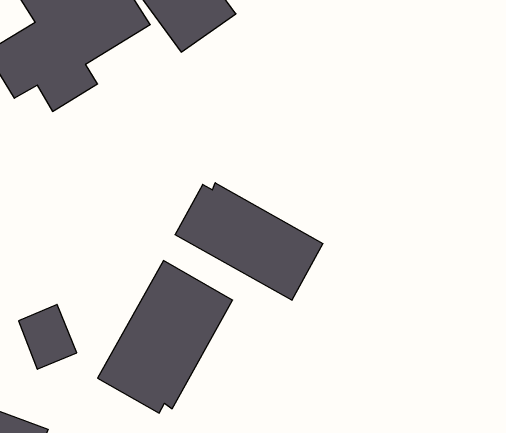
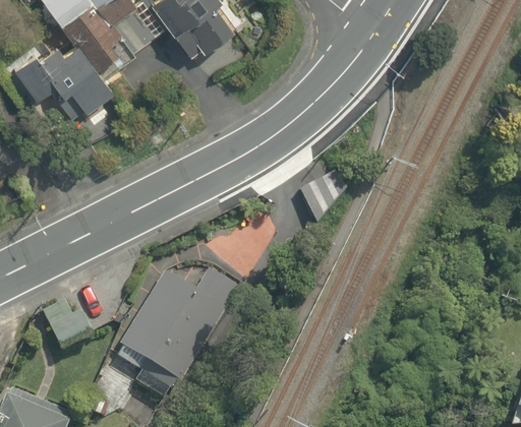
building: [175,183,323,300] -> none

